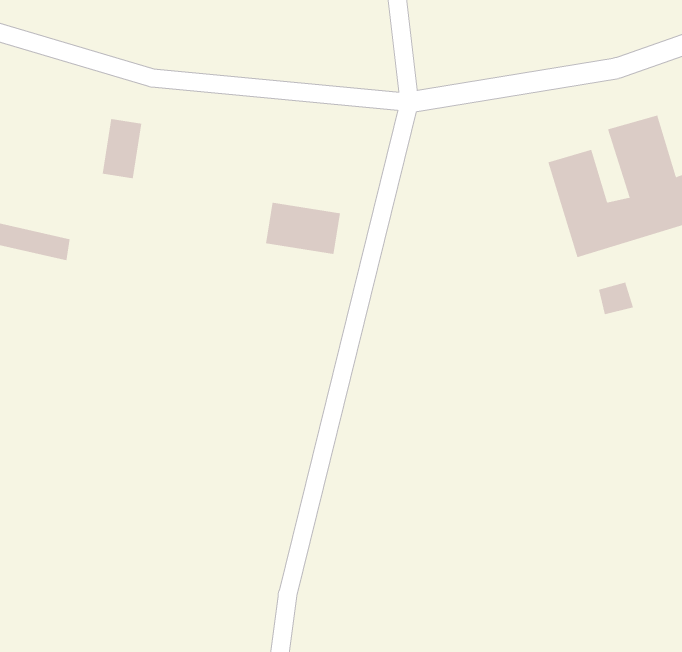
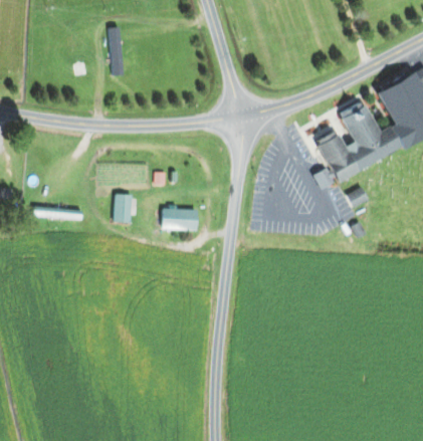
building: [102,119,142,179] -> [115,194,131,222]
building: [265,202,341,254] -> [162,208,197,229]

